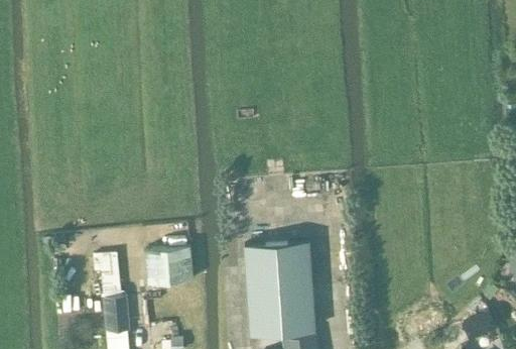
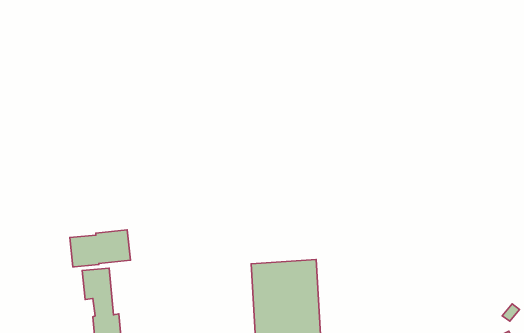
building: [143,248,200,282] -> [70,230,130,267]

